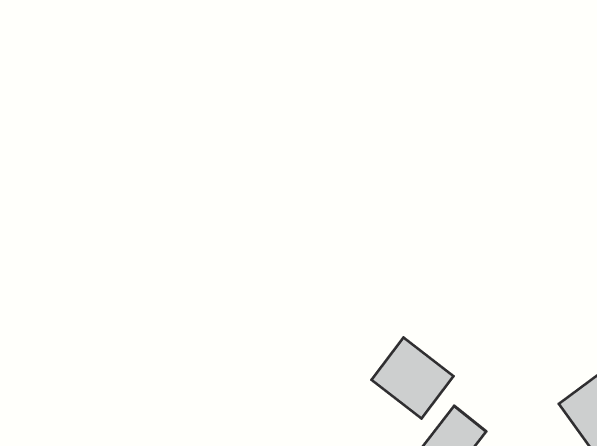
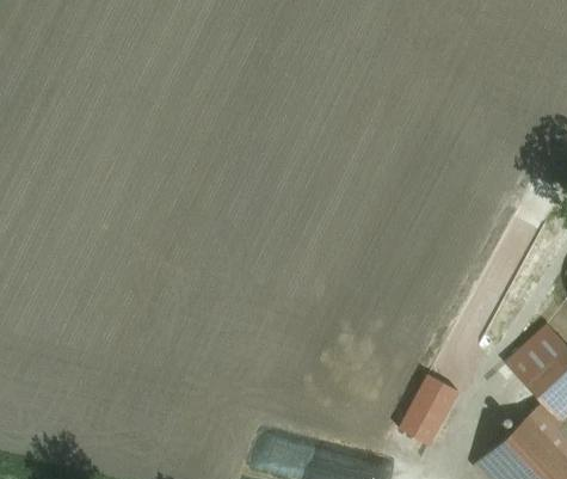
building: [372,337,454,419] -> none

